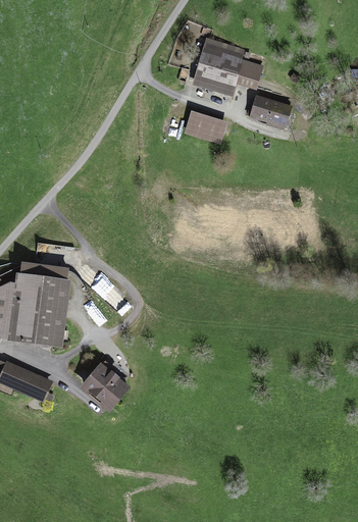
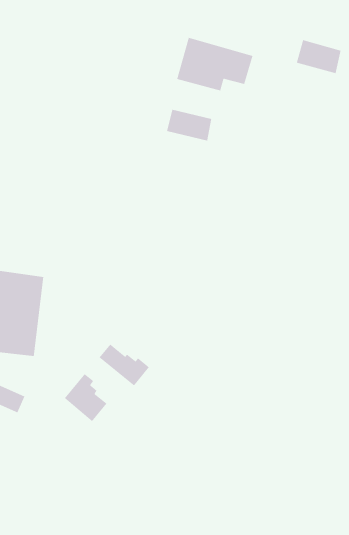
building: [248,96,291,128] -> [296,39,342,74]
building: none -> [99,344,150,386]

